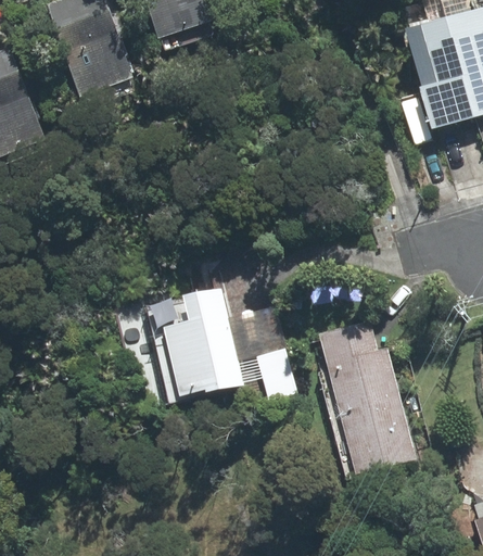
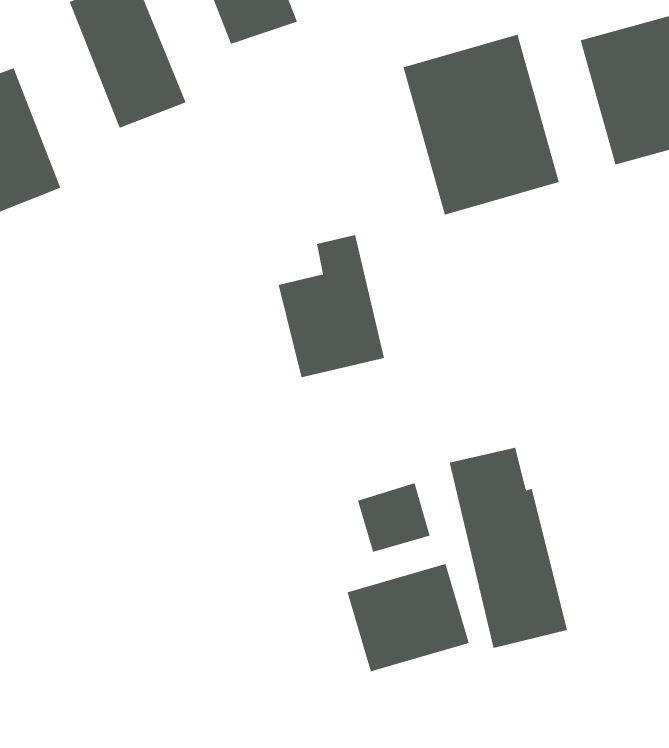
building: none -> [403,34,559,215]
building: [161,293,237,395] -> [278,235,385,378]
building: none -> [347,563,470,672]

